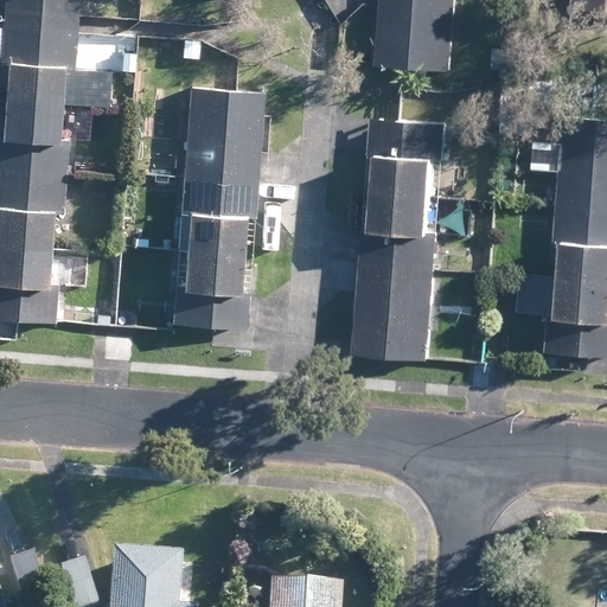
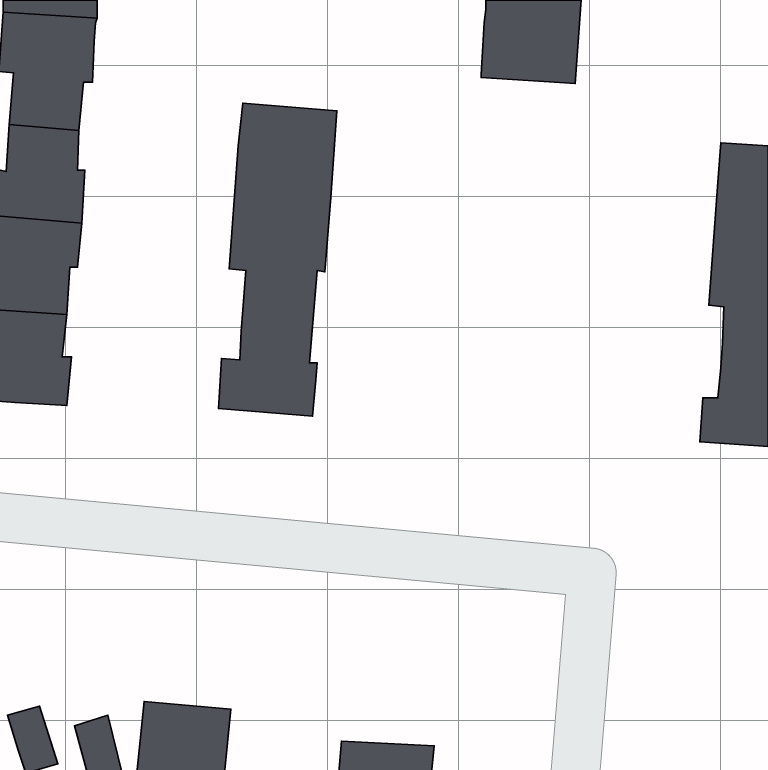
building: [353,117,446,358] -> none

